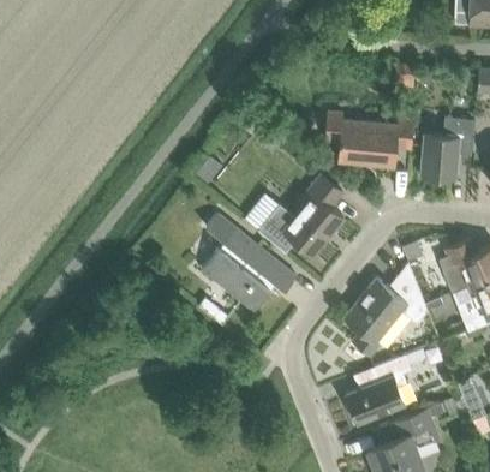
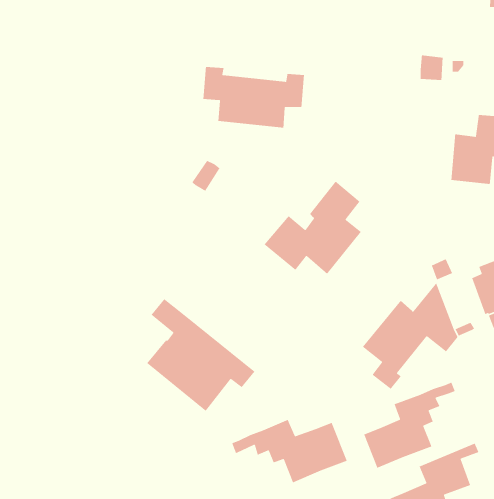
building: [324,113,413,167] -> [202,66,305,128]
building: [202,214,297,312] -> [146,298,256,412]
building: none -> [231,419,348,483]

